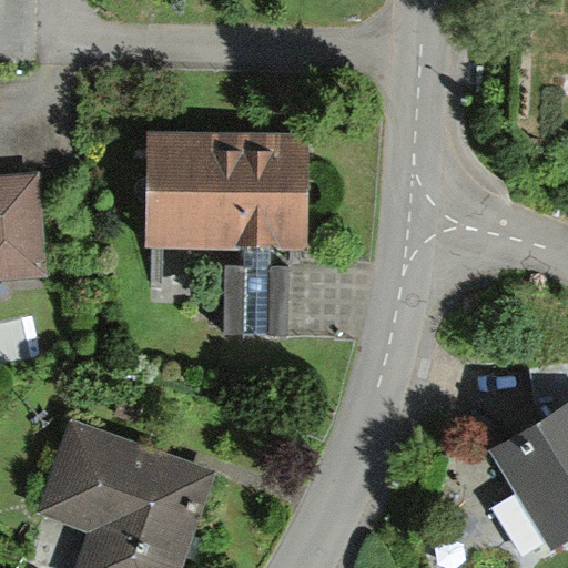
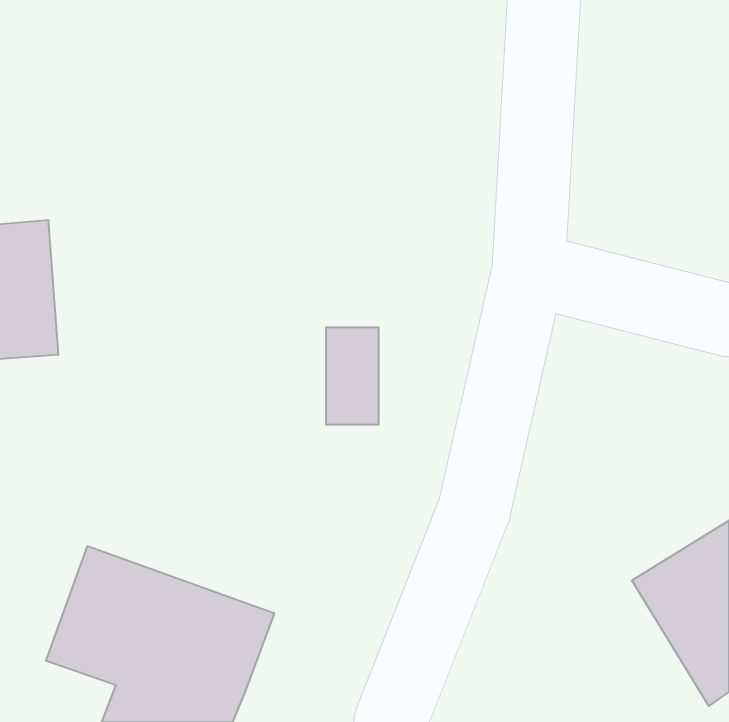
building: [148,133,310,251] -> none

